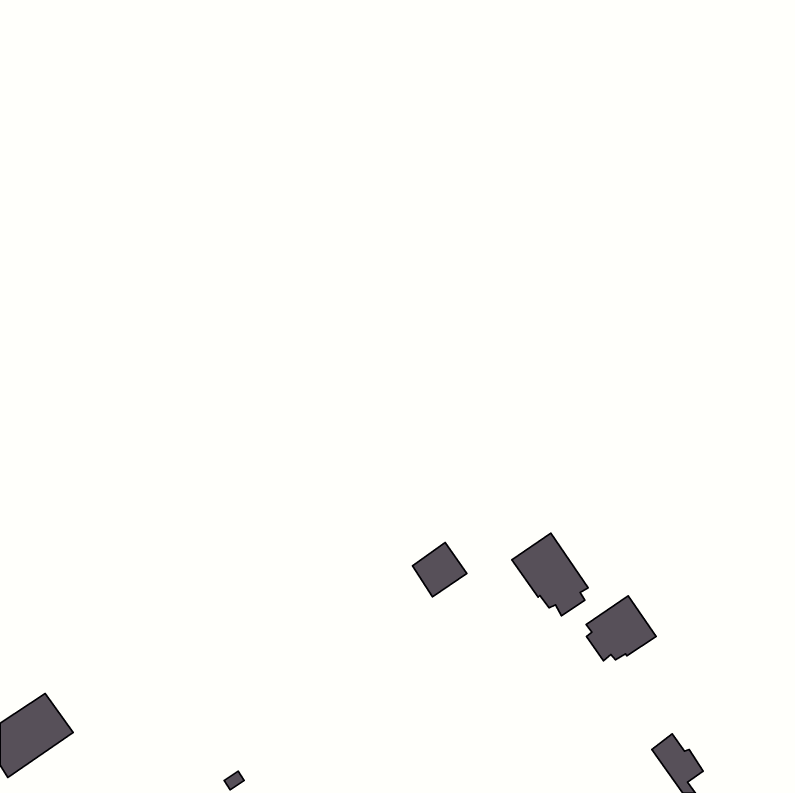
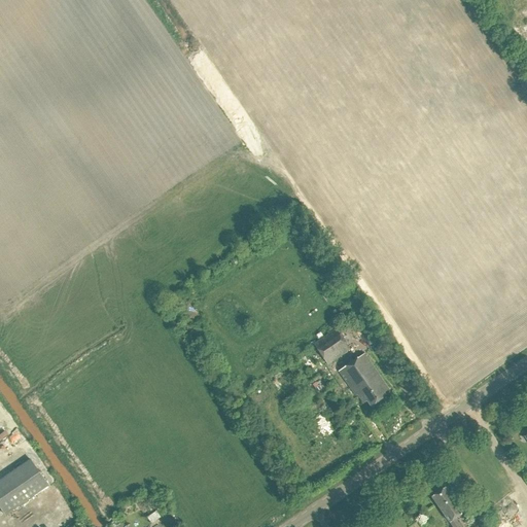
building: [412,542,467,597] -> [314,328,350,364]
building: [586,596,656,661] -> none

